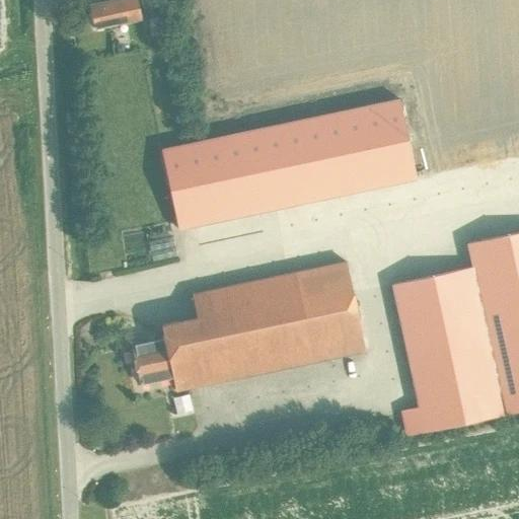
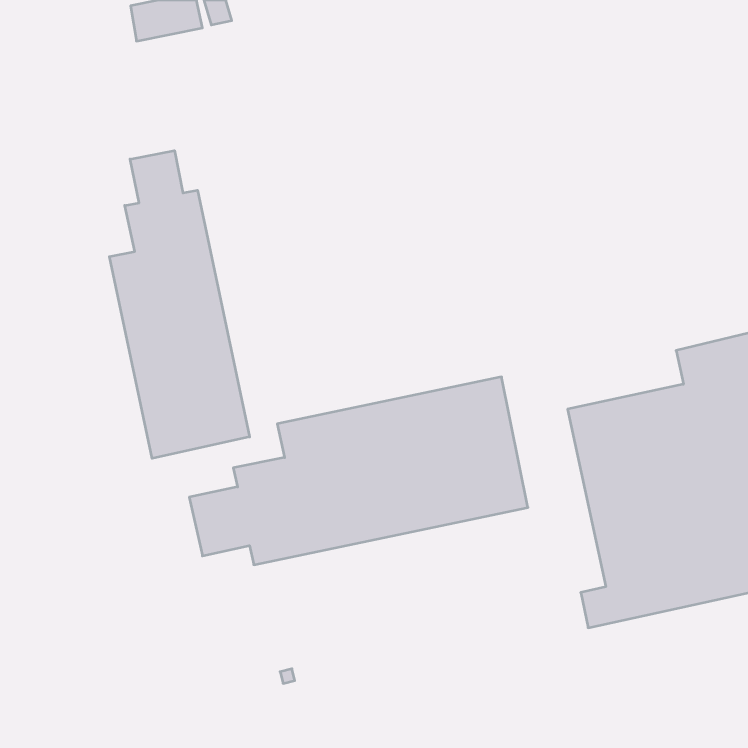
building: [162,99,418,230] -> none
building: none -> [109,151,250,458]

